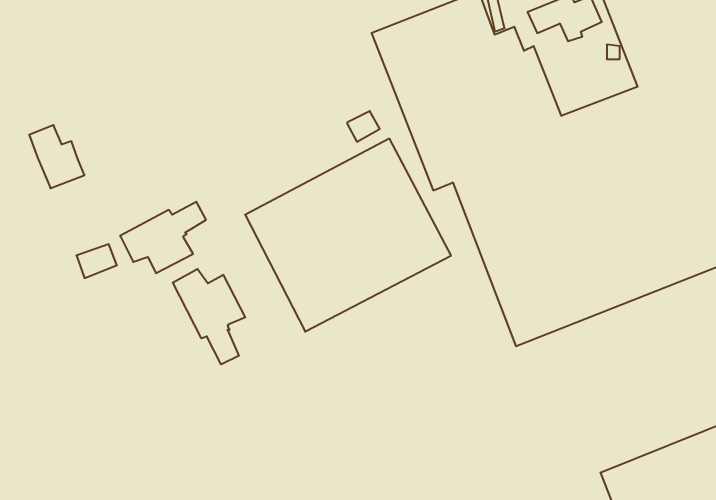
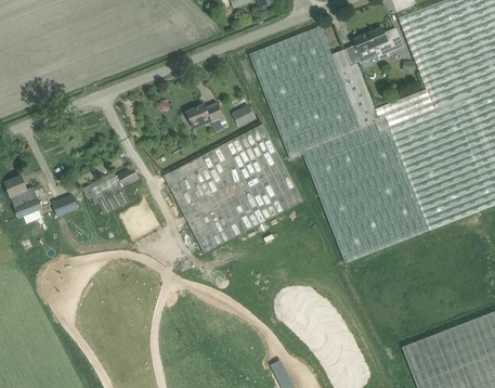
building: none -> [186,102,227,131]
building: [29,125,84,188] -> [5,176,42,218]
building: [173,269,245,364] -> none

